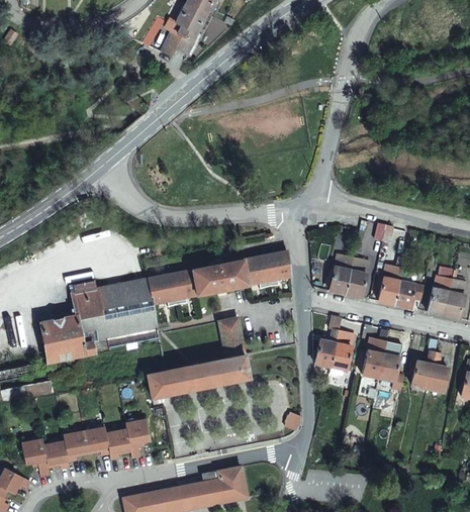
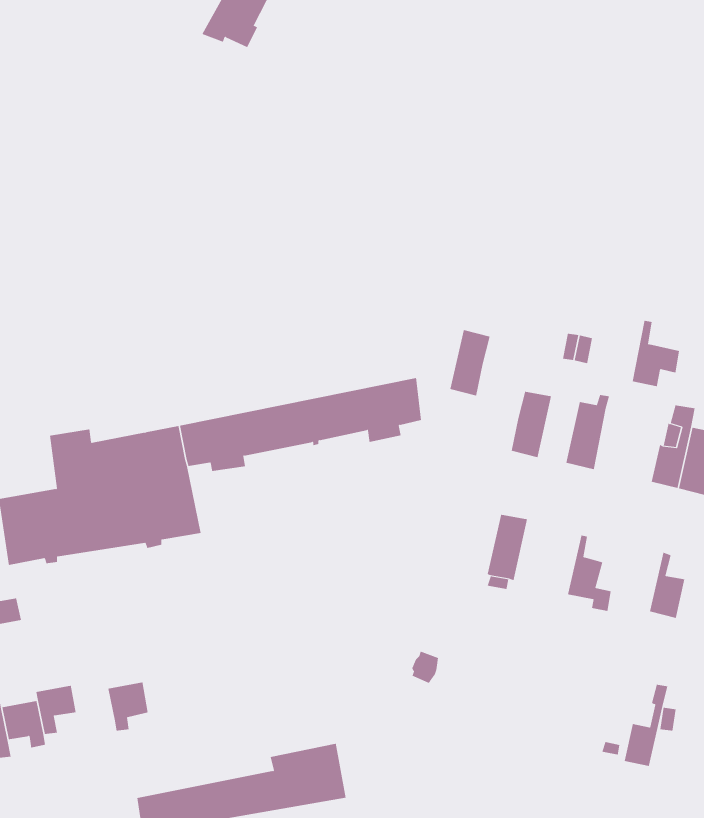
building: [328,253,353,293] -> [449,330,490,396]
building: [394,268,422,307] -> [632,320,680,387]
building: [315,316,341,366] -> none
building: [149,318,251,398] -> none
building: [362,338,386,378] -> none
building: [411,339,438,388] -> [624,684,668,766]
building: [125,419,151,457] -> none
building: [85,427,110,454] -> none

